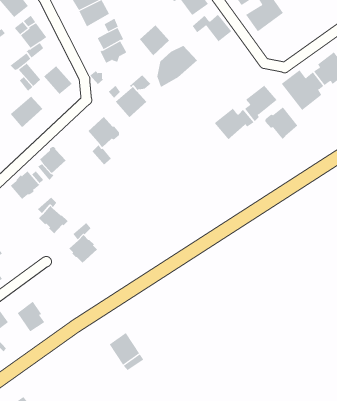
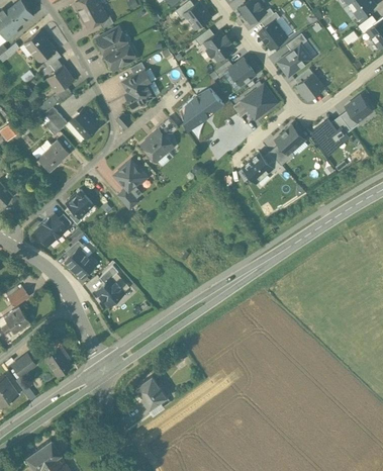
building: none -> [296,68,326,100]
building: [139,25,170,56] -> none
building: none -> [235,82,281,120]
building: [265,106,298,140] -> none

